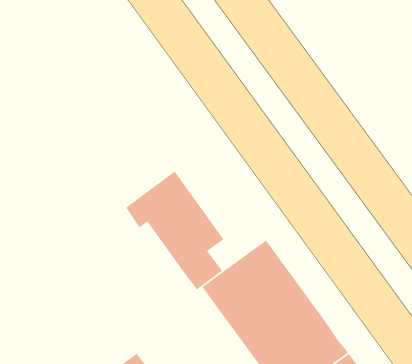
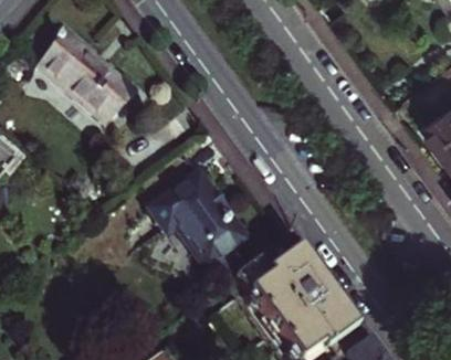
building: none -> [36,27,135,120]

